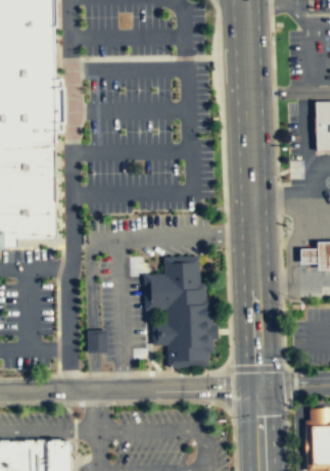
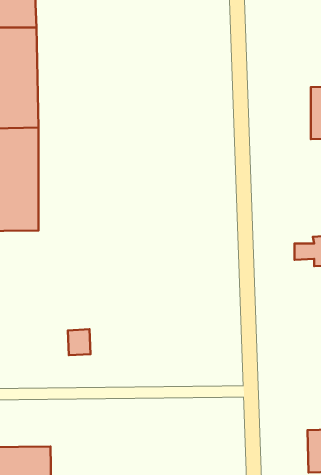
building: [148,256,214,368] -> none

